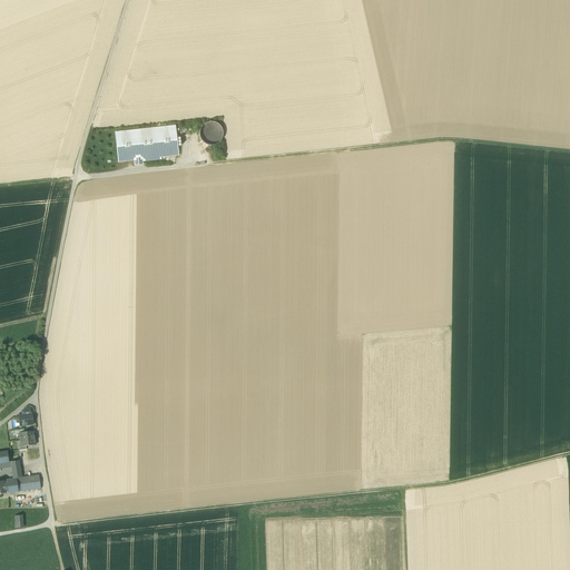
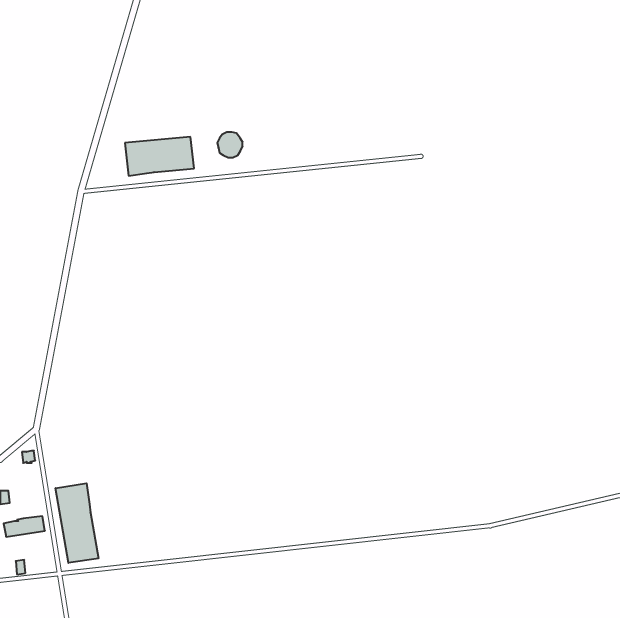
building: none -> [56,483,98,563]

